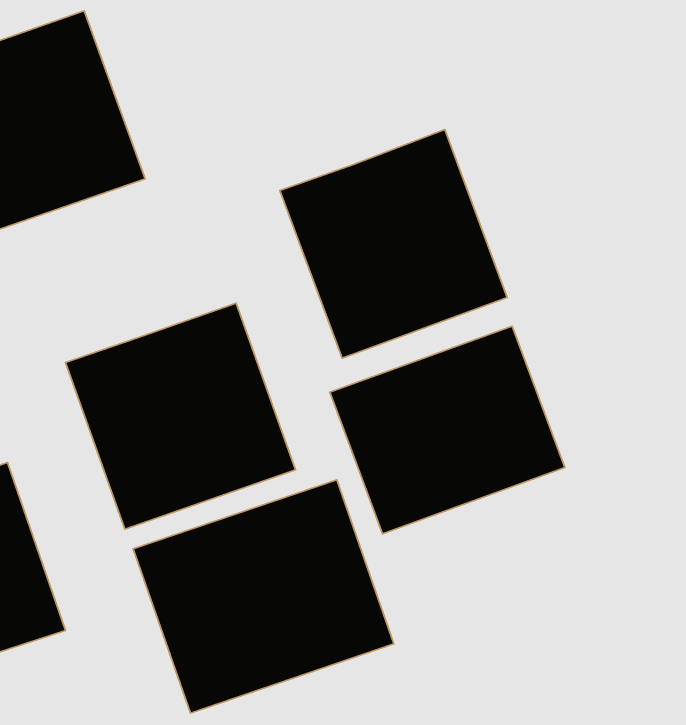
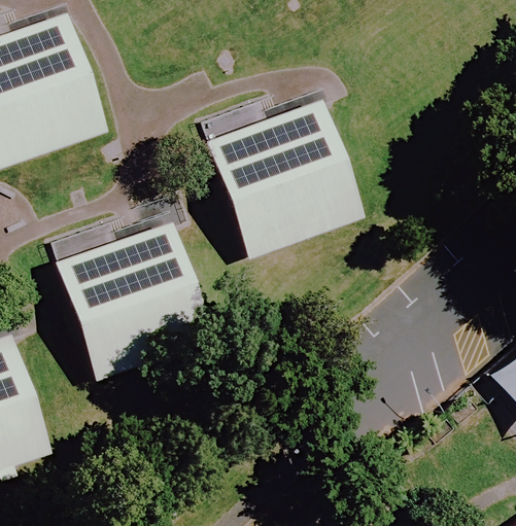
building: [330,326,565,534] -> none
building: [133,480,394,713] -> none

